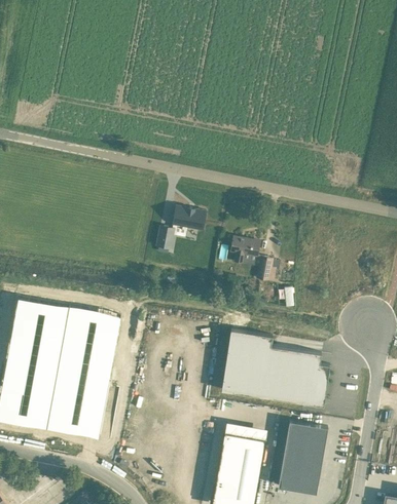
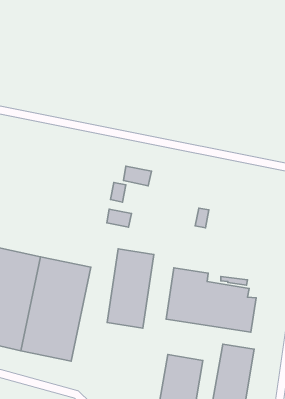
building: [229,237,259,266] -> none
building: none -> [107,209,132,227]
building: none -> [107,249,154,328]

